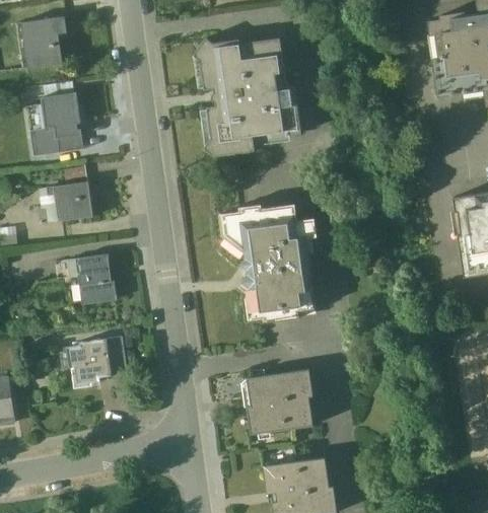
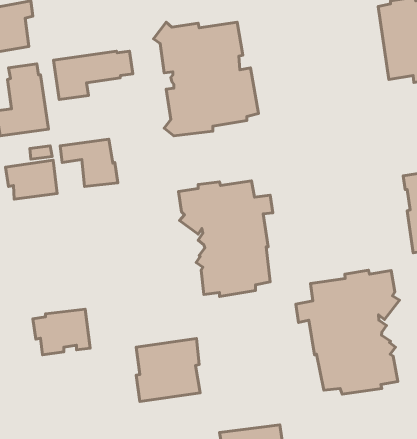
building: none -> [53,51,133,99]
building: [58,254,118,304] -> [60,139,118,187]
building: none -> [296,270,400,394]
building: [248,368,315,434] -> [136,338,200,402]

